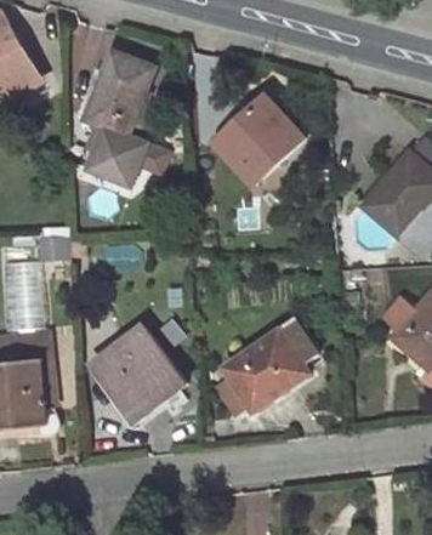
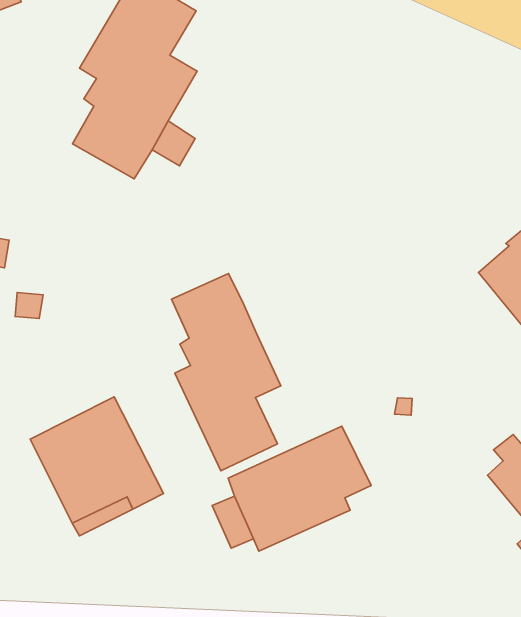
building: [215,95,305,183] -> none
building: none -> [171,274,281,471]

